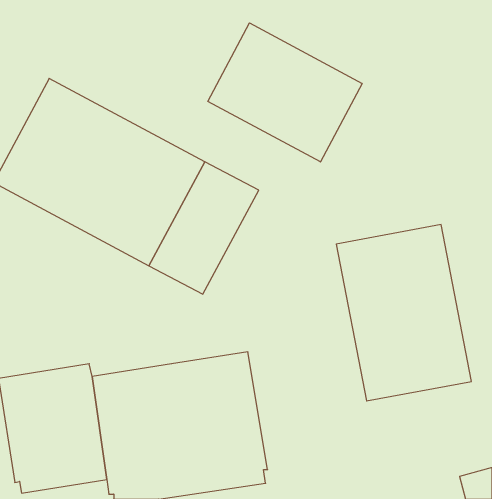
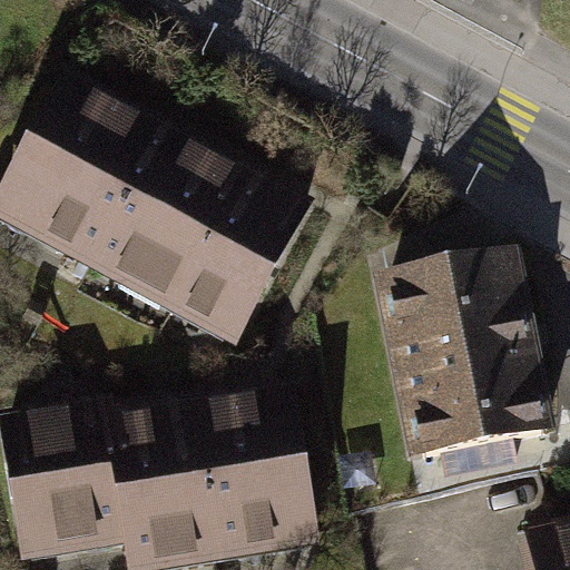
building: [208,23,362,162] -> none

